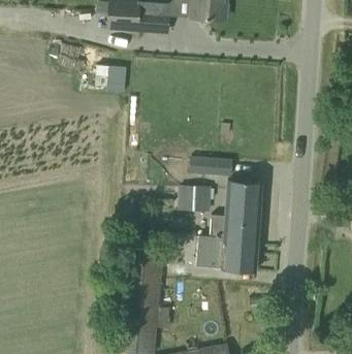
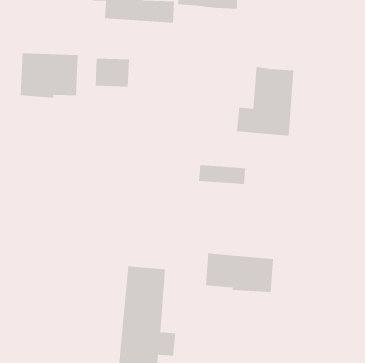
building: none -> [20,53,78,98]
building: [210,180,261,242] -> [236,67,294,136]
building: [177,186,211,211] -> none

